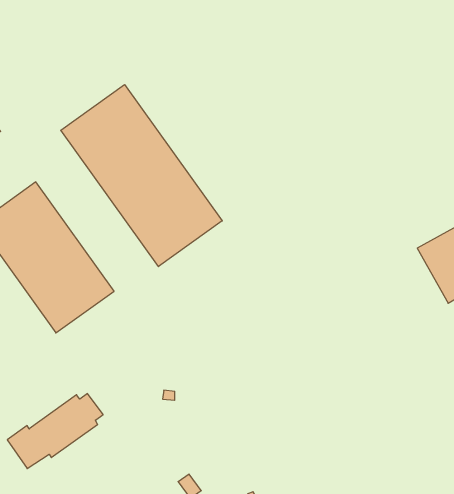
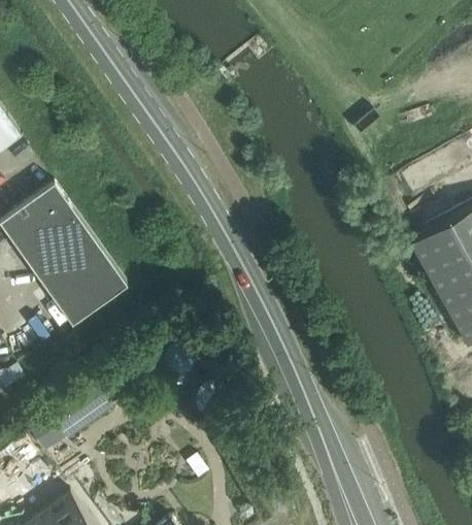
building: [61,85,222,267] -> none

